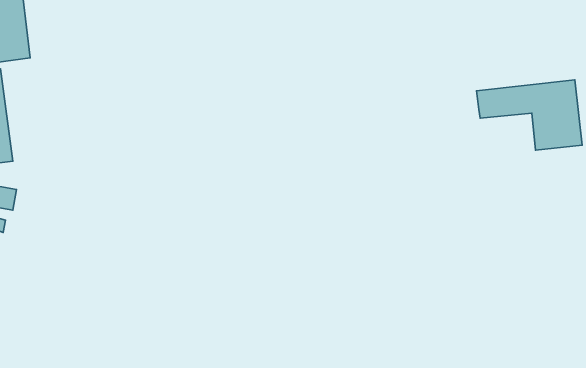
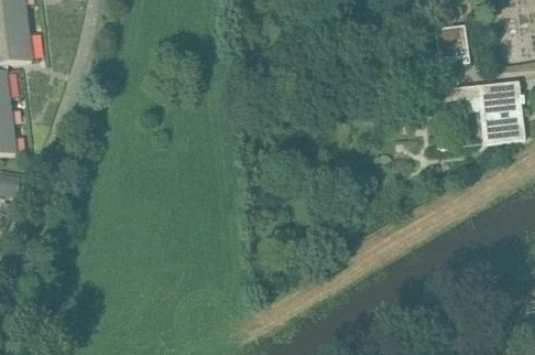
building: none -> [436,25,468,57]

